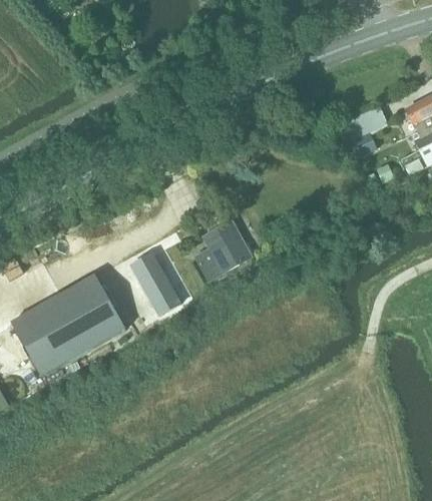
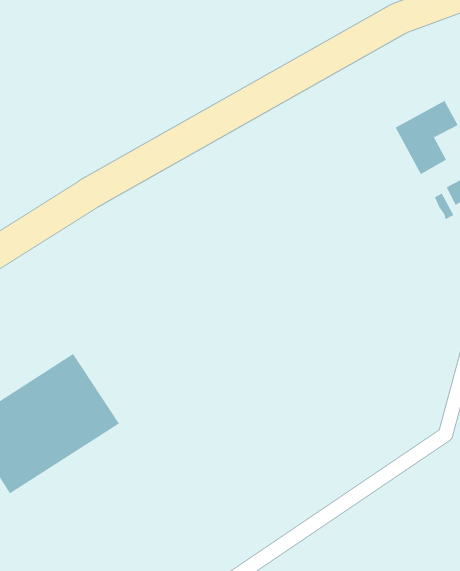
building: [193,219,252,282] -> none
building: [143,257,176,310] -> none

